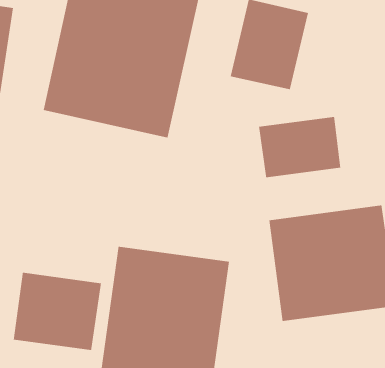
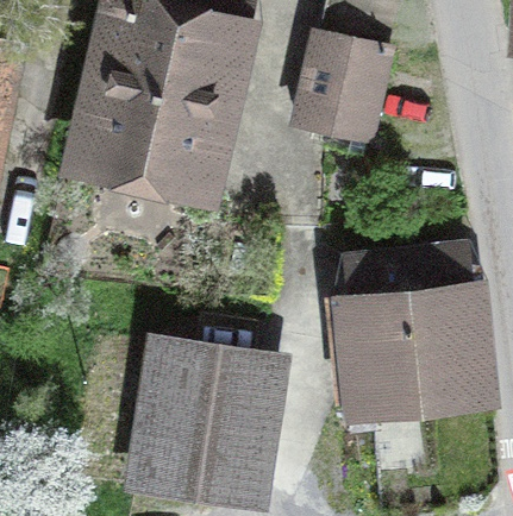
building: [259,116,341,178] -> none
building: [13,272,102,351] -> none

